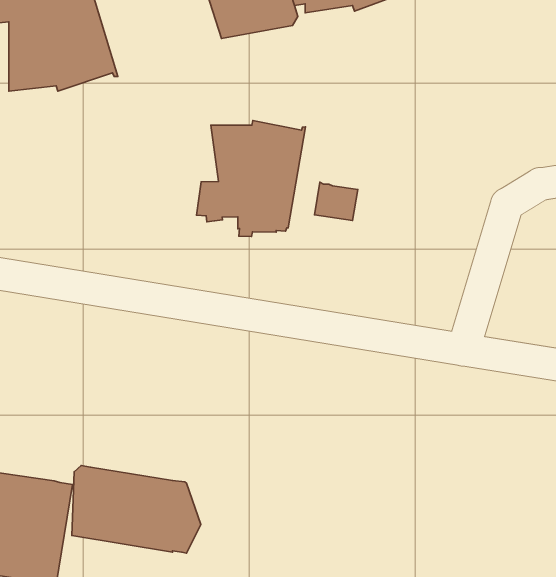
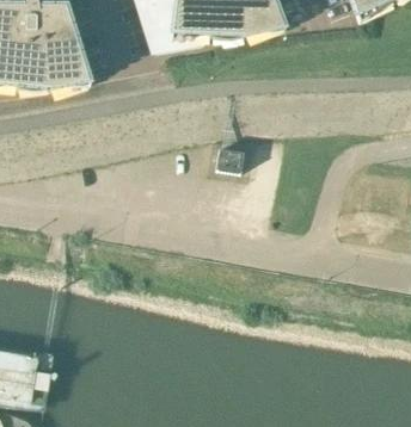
building: [197,120,306,236] -> none
building: [72,466,201,553] -> none

